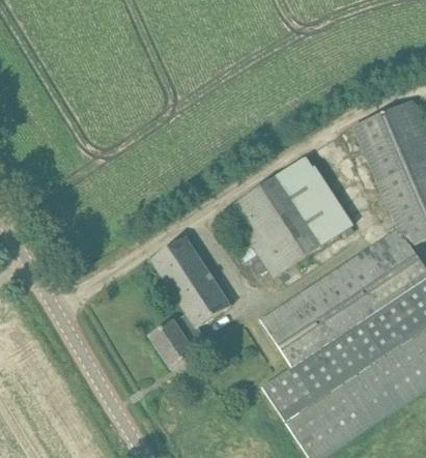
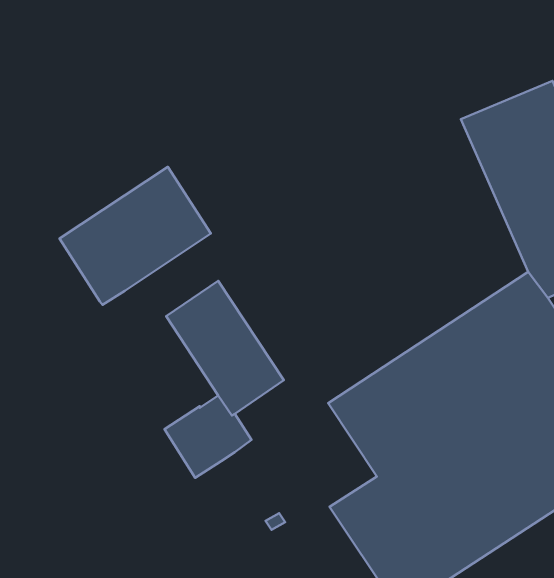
building: none -> [59,167,211,305]
building: [229,159,354,278] -> none

